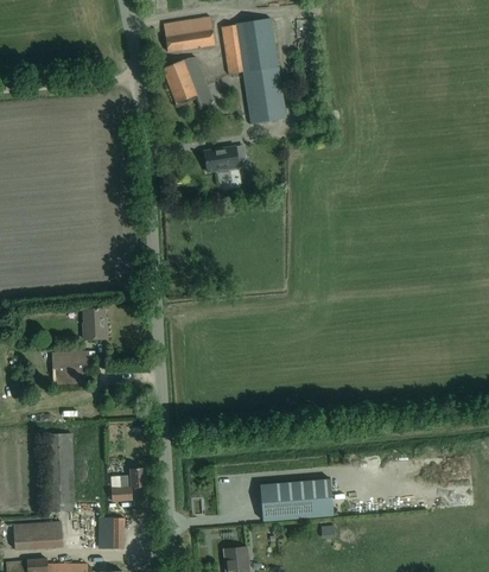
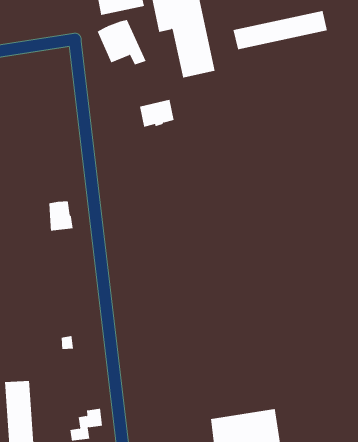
building: none -> [233,10,328,50]
building: [82,309,107,339] -> [49,201,73,231]
building: [51,351,95,384] -> none

